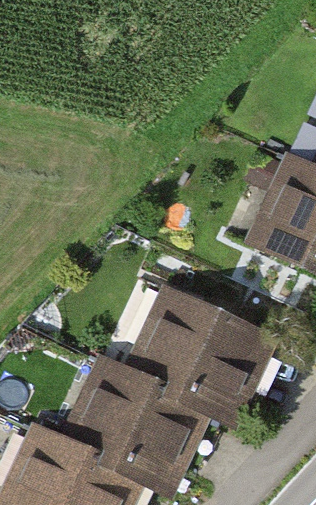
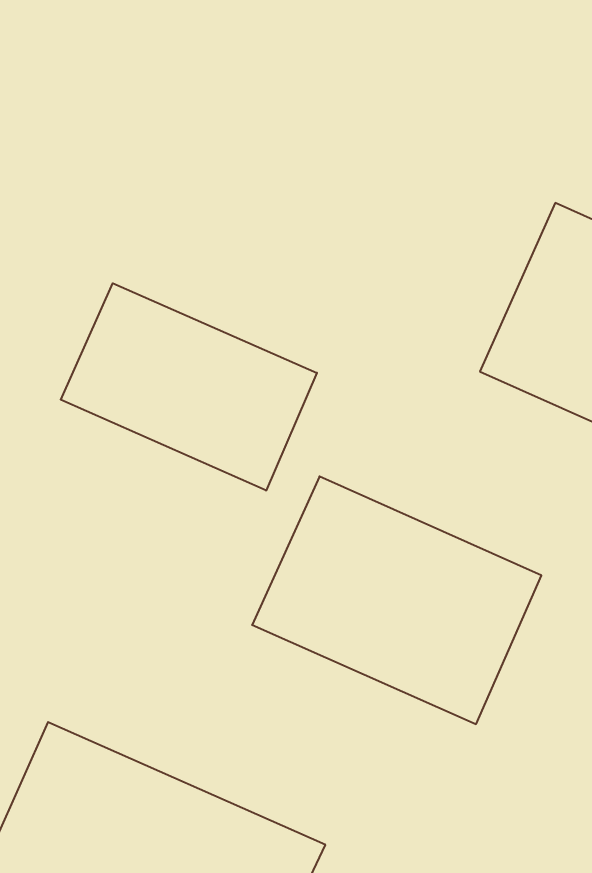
building: none -> [61,283,317,491]
building: [68,356,215,481] -> none

